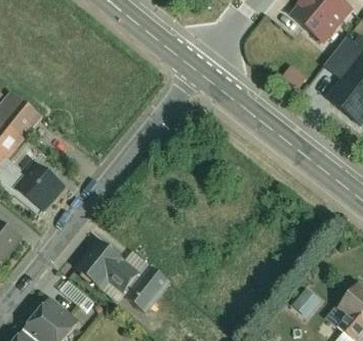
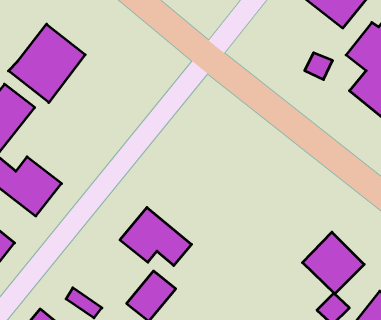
building: none -> [8,24,85,103]
building: none -> [302,232,364,294]
building: [74,238,139,291] -> [120,207,192,266]

